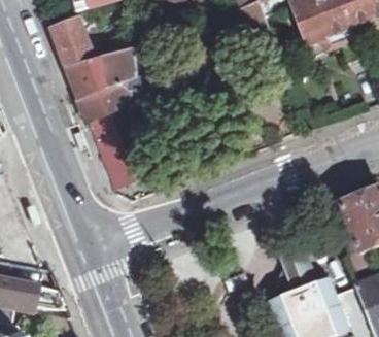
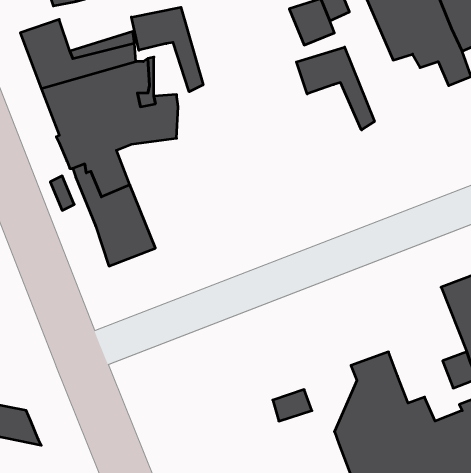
building: none -> [131,7,203,92]
building: none -> [296,47,374,130]

